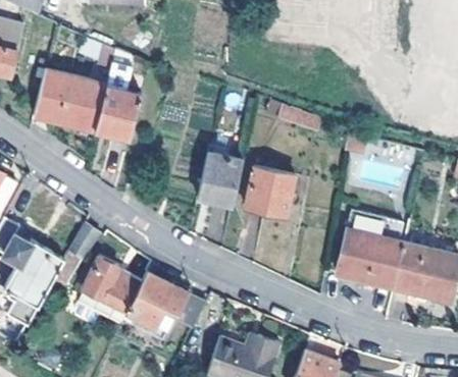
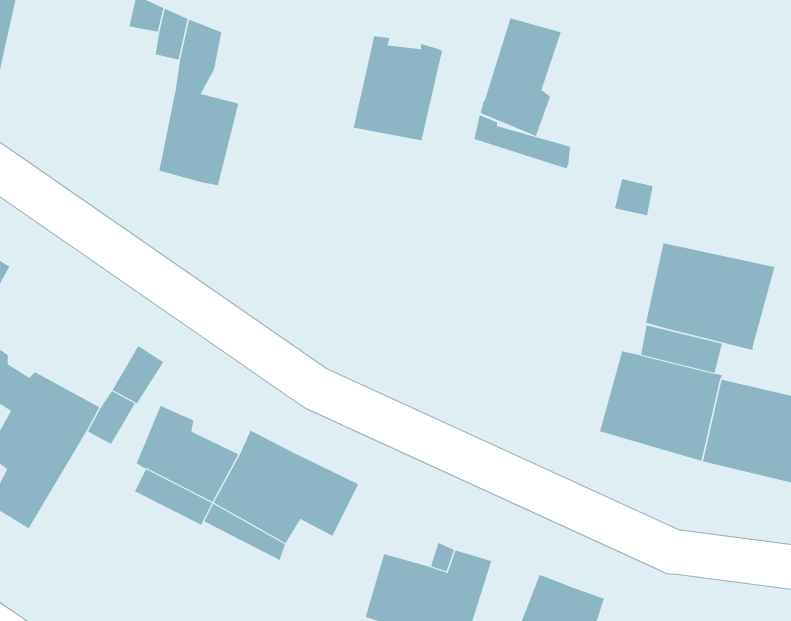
building: none -> [480,17,561,137]
building: [34,70,106,130] -> none
building: [198,148,247,205] -> [353,36,443,141]
building: [246,168,295,218] -> none
building: none -> [645,243,775,351]

